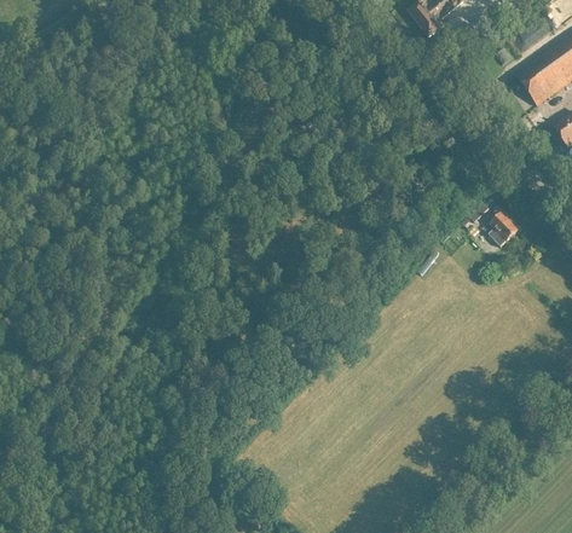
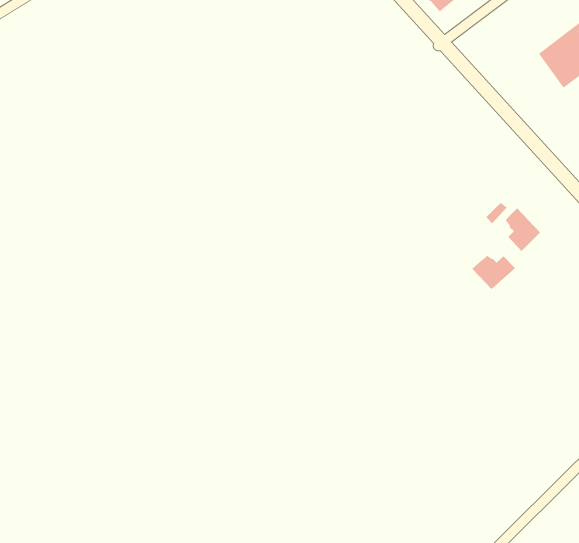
building: none -> [472,255,516,290]

